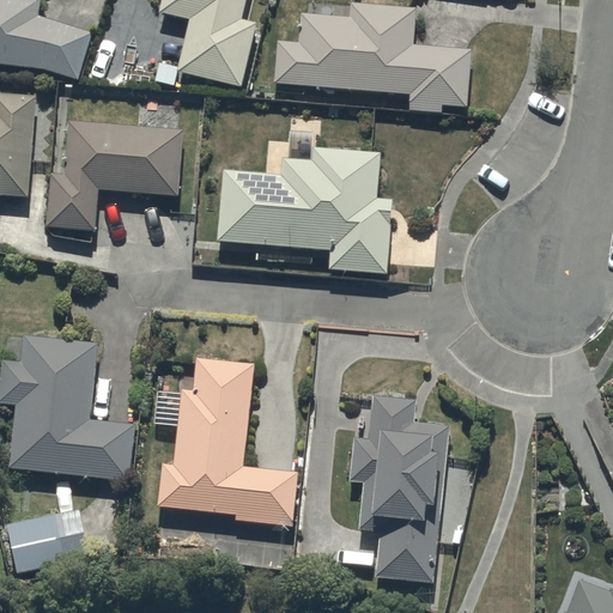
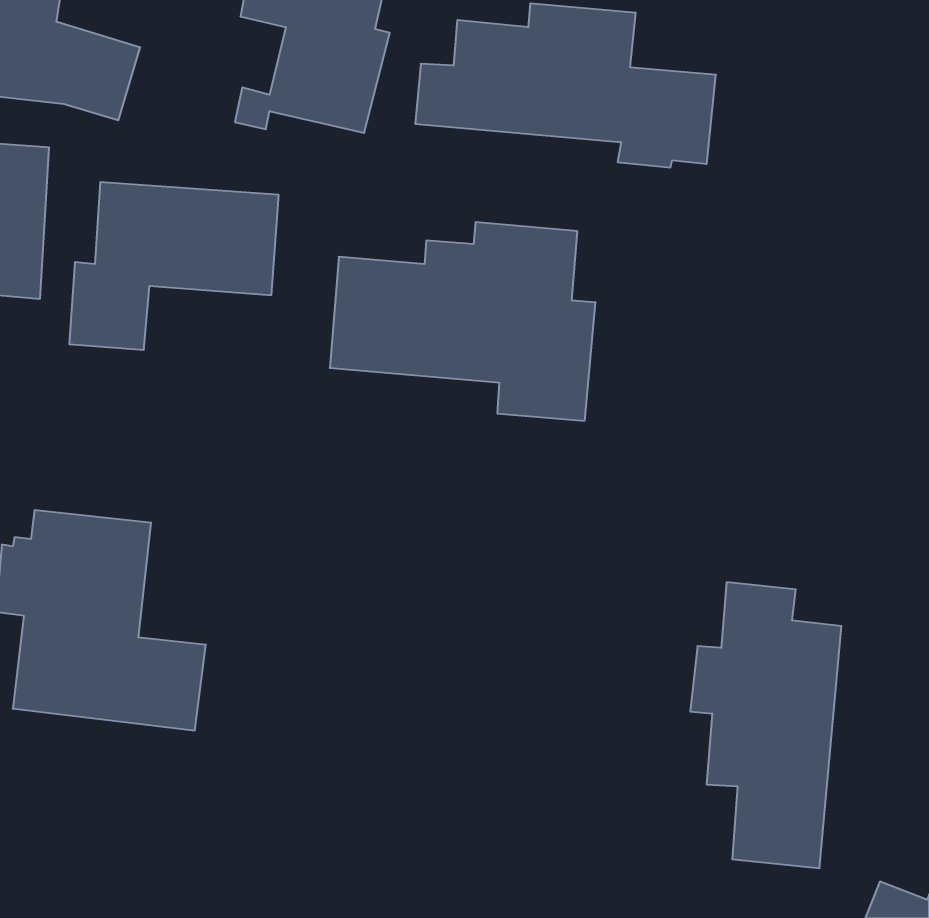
building: [157,358,298,527] -> none
building: [347,395,447,583] -> [690,582,841,868]
building: [5,510,67,572] -> none

